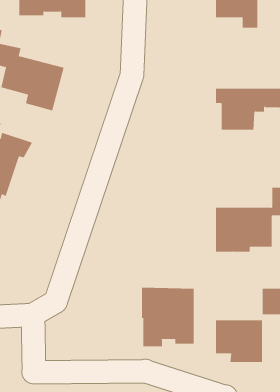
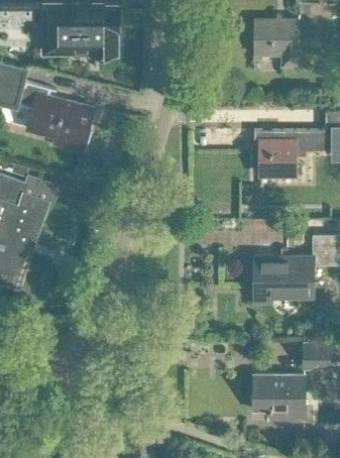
building: [142,287,194,347] -> none

